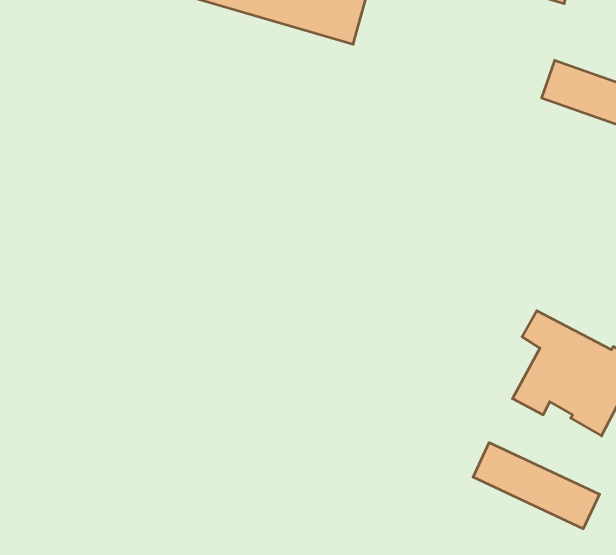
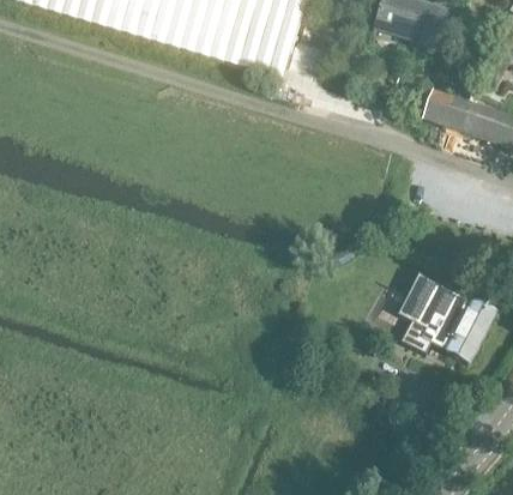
building: [473,443,600,529] -> none

